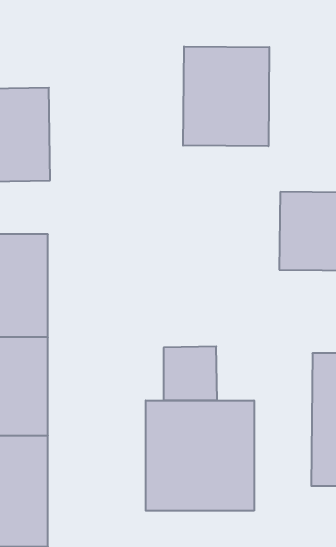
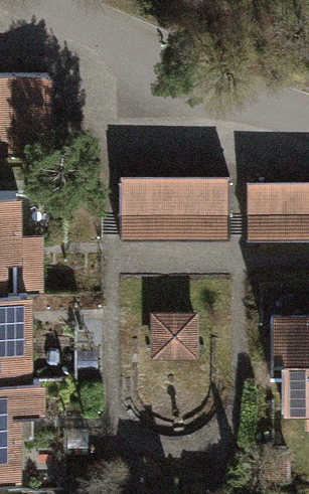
building: [183,46,269,146] -> none
building: none -> [112,174,226,243]
building: [146,400,254,511] -> none

